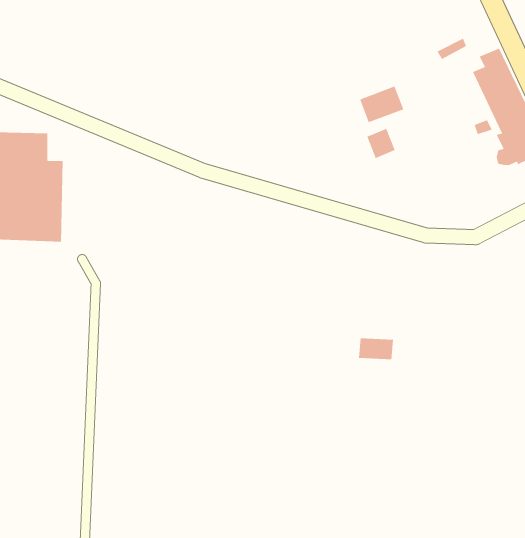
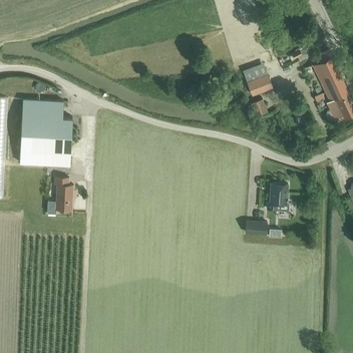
building: none -> [46,178,72,214]
building: none -> [266,184,288,211]

